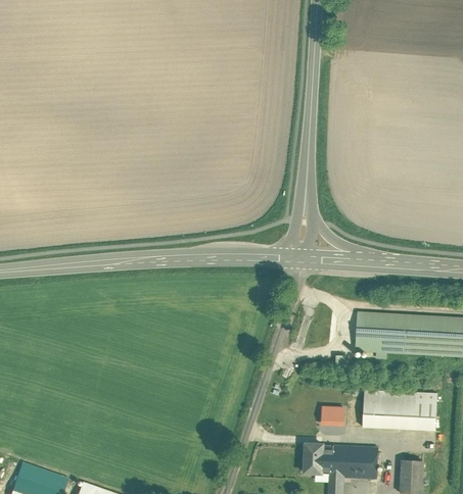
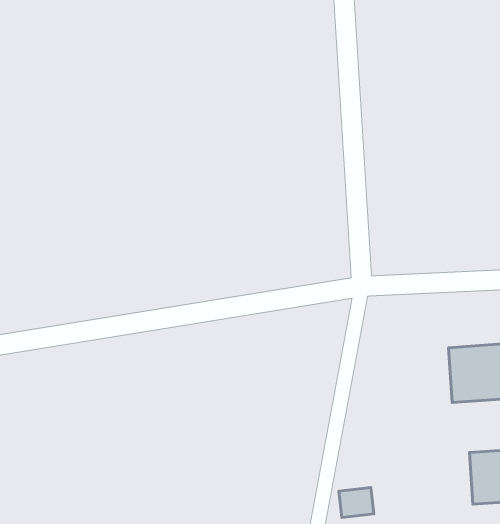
building: [324,407,348,427] -> [339,487,374,518]

